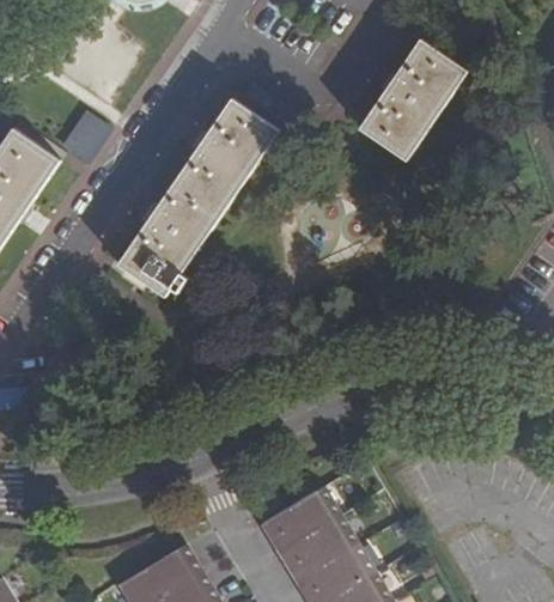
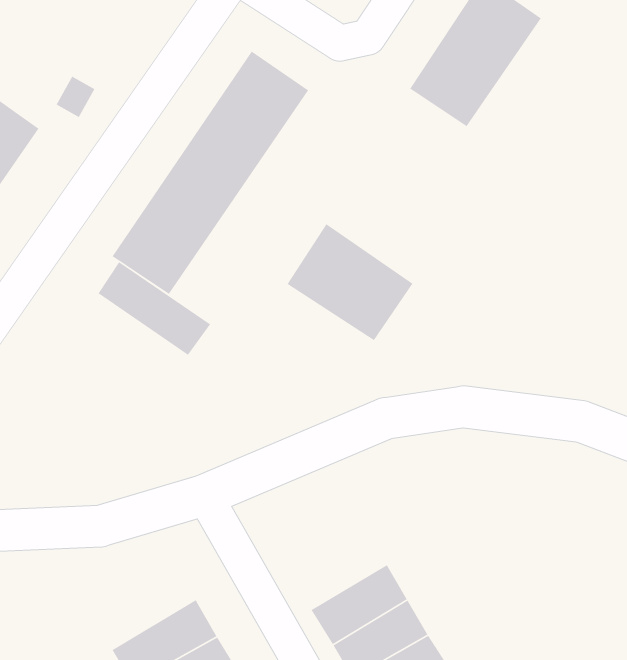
building: none -> [286,223,413,341]
building: none -> [97,261,211,356]
building: [262,488,341,553] -> none

